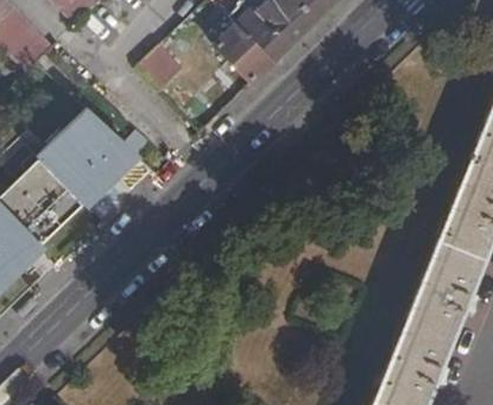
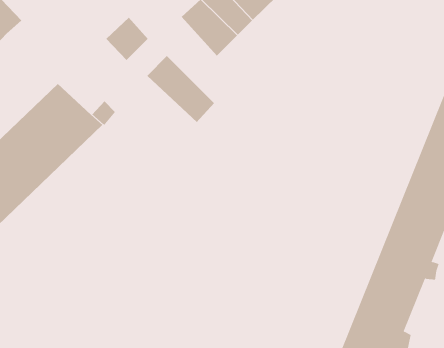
building: none -> [146,55,215,123]

